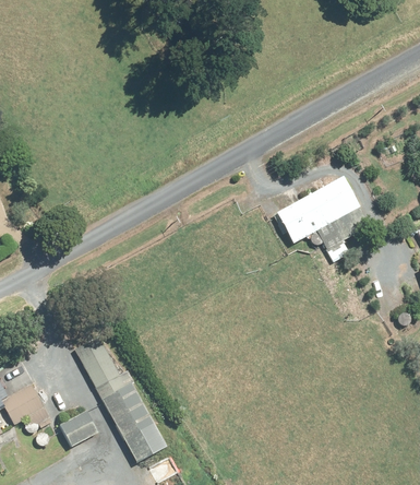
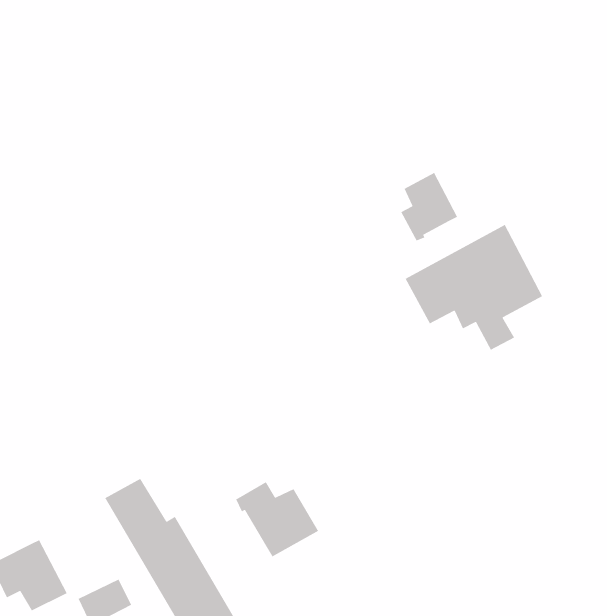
building: none -> [400,172,458,242]
building: none -> [235,481,319,558]

